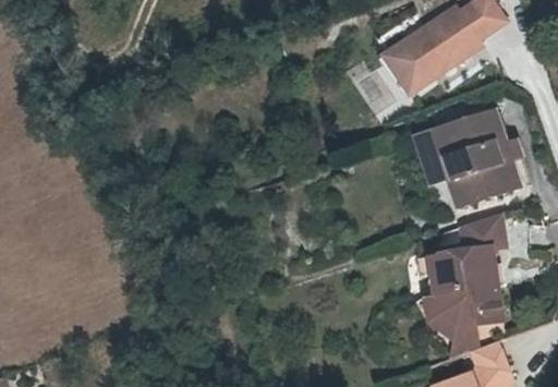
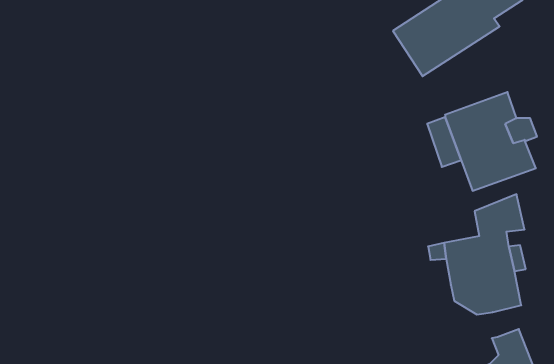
building: [424,297,482,354] -> none

